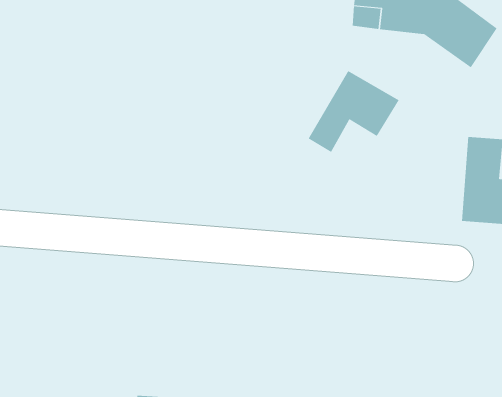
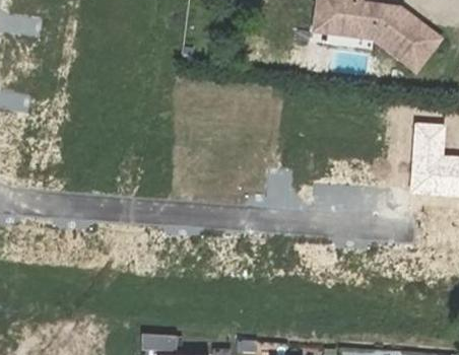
building: [308,70,399,153] -> none

